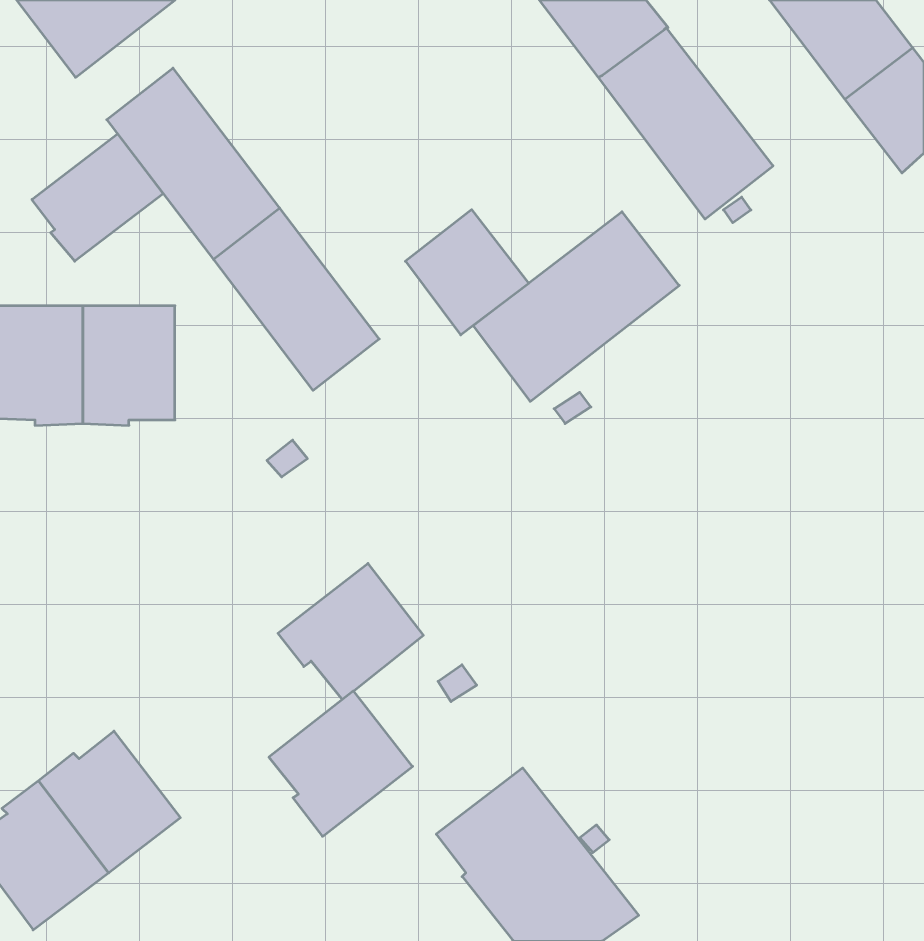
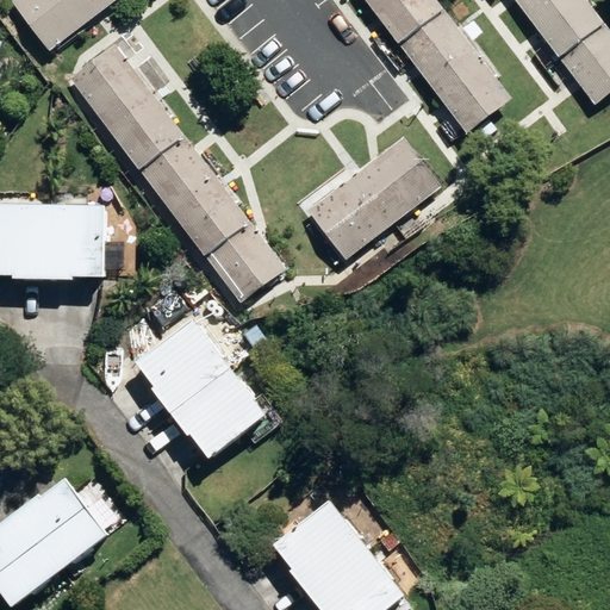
building: [32,134,163,261] -> none
building: [405,210,529,335] -> [203,219,282,300]
building: [269,691,413,836] -> [145,316,238,410]

